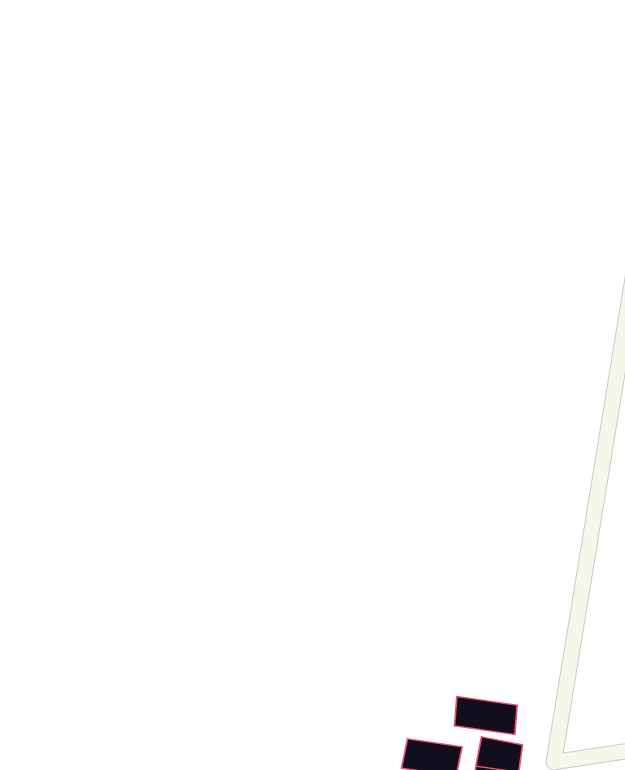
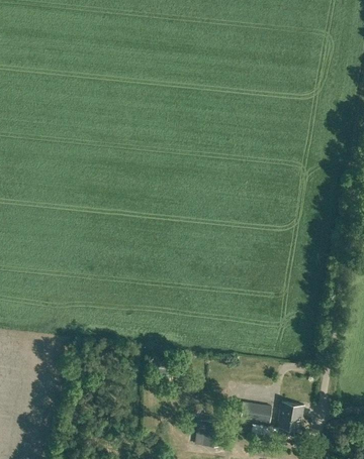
building: [455,697,517,734] -> none

